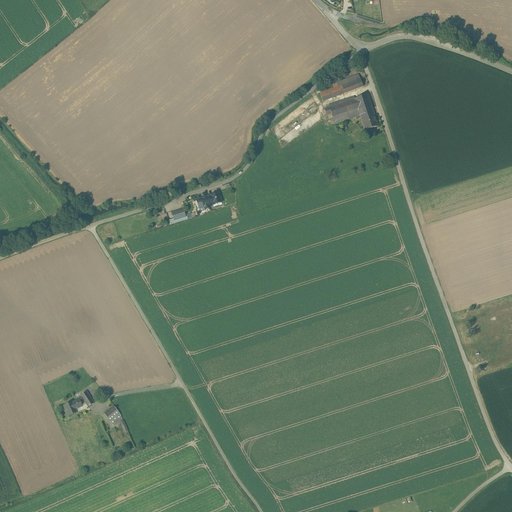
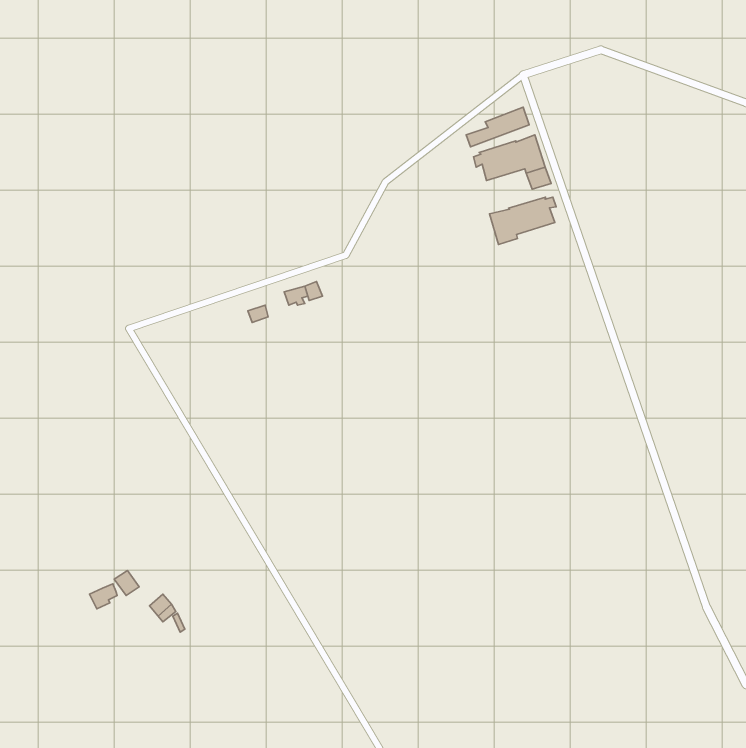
building: none -> [489,197,556,244]

